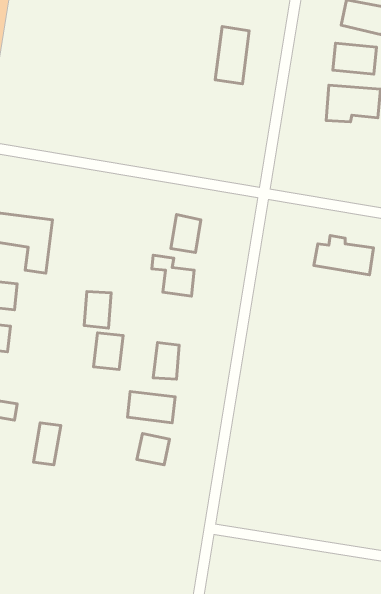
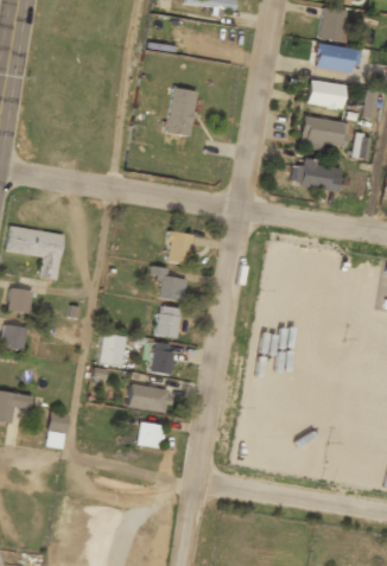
building: [215,27,249,84] -> [166,89,196,139]
building: [314,236,374,275] -> [290,158,342,192]
building: [84,291,111,328] -> [157,306,180,338]

